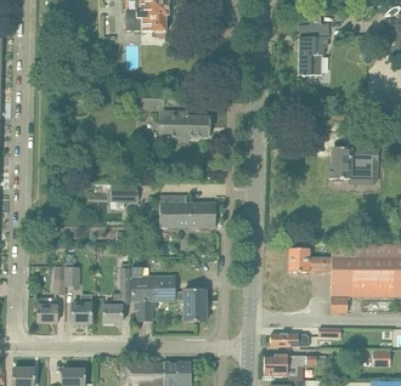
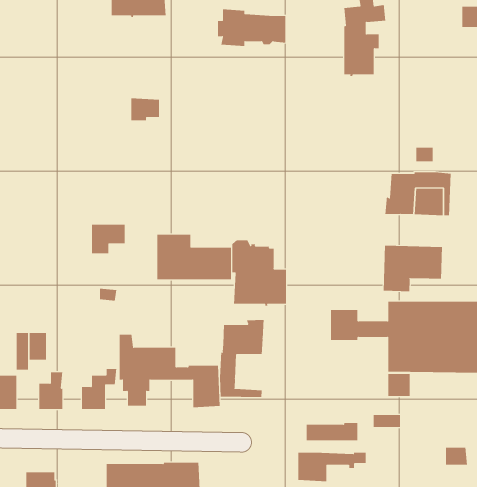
building: [158,110,209,138] -> [217,9,286,47]
building: none -> [232,239,287,307]
building: none -> [383,245,443,292]
building: none -> [219,319,264,398]

